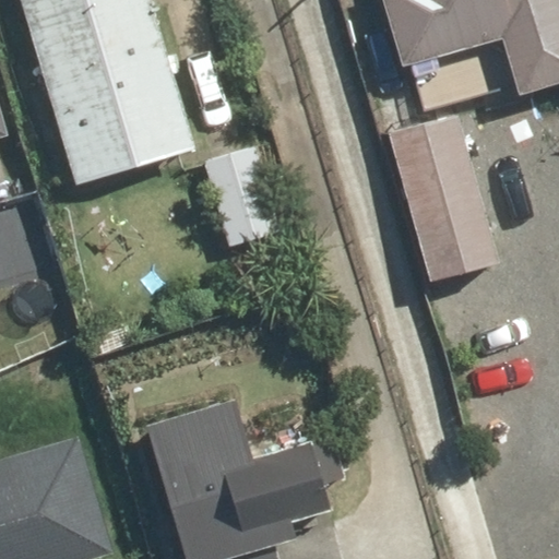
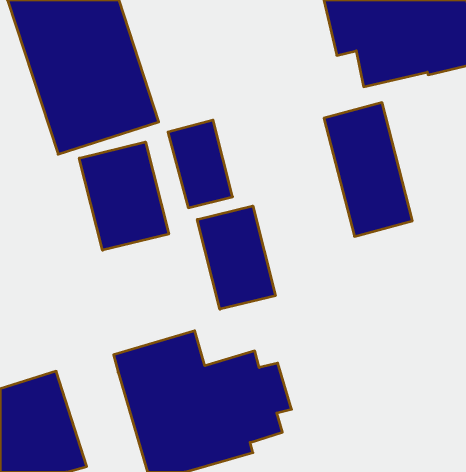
building: none -> [79,142,169,250]
building: none -> [197,206,275,309]

